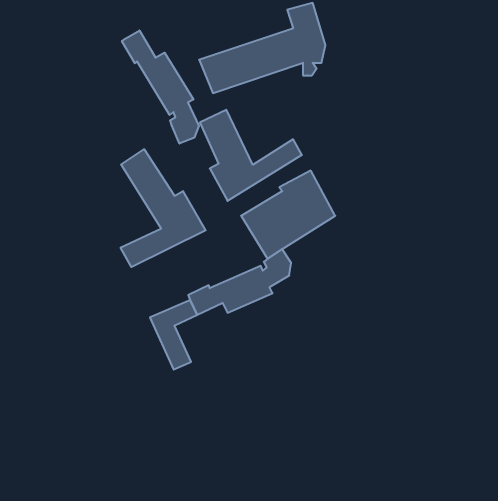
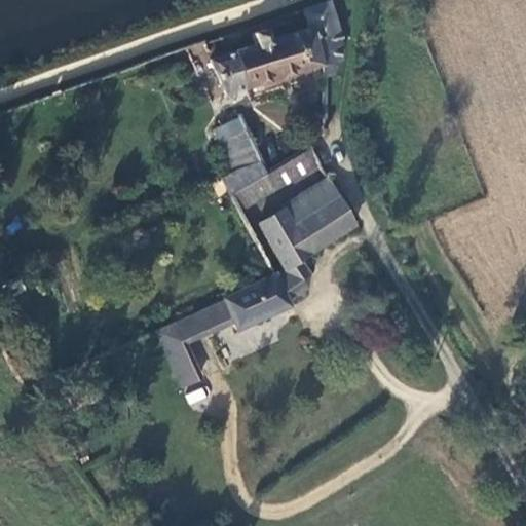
building: [122,30,199,144] -> none
building: [121,149,206,267] -> none

